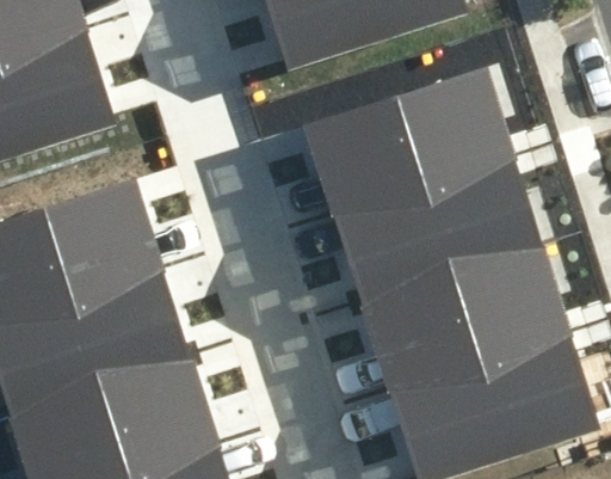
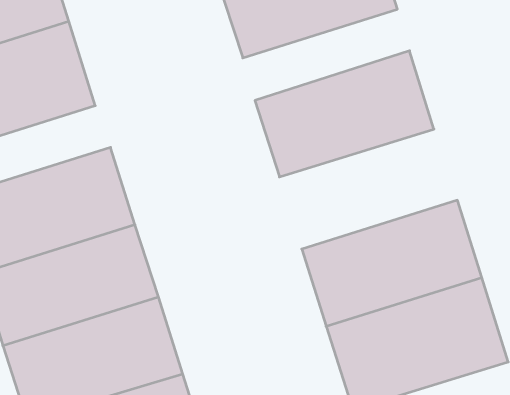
building: [332,156,541,297] -> none

